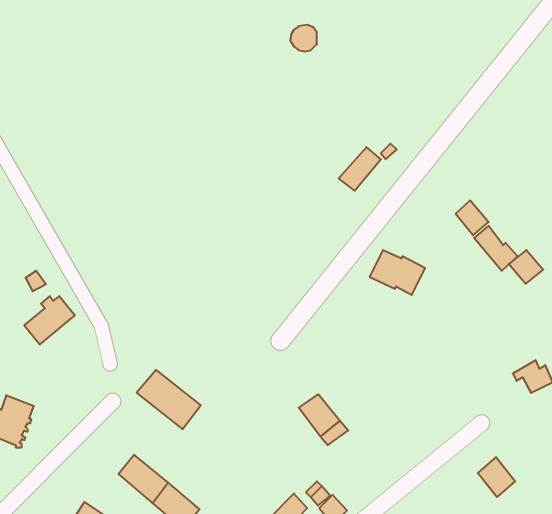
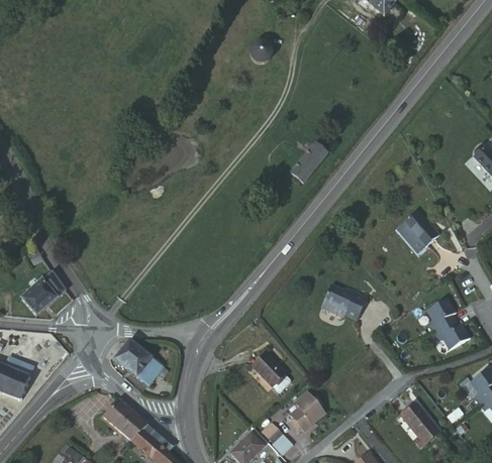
building: [456,200,489,235] -> none
building: [509,250,543,284] -> none
building: [370,250,425,295] -> [320,283,367,321]
building: none -> [427,302,454,334]
building: none -> [288,392,324,433]

